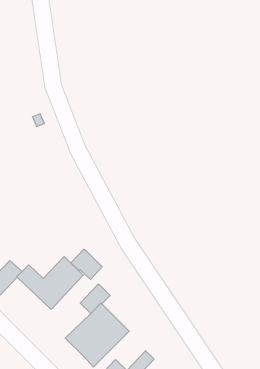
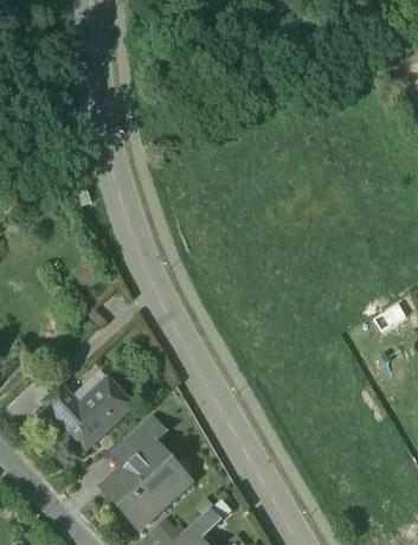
building: [71,249,102,279] -> none

